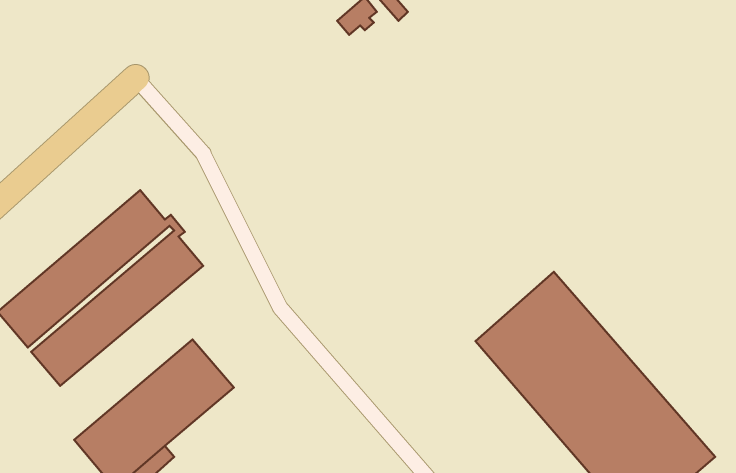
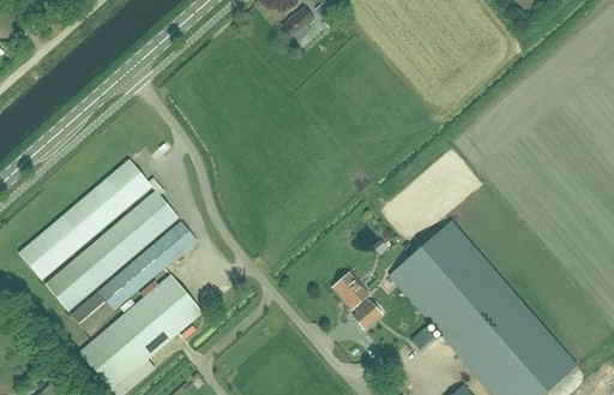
building: none -> [71,220,198,331]
building: none -> [335,271,381,325]

